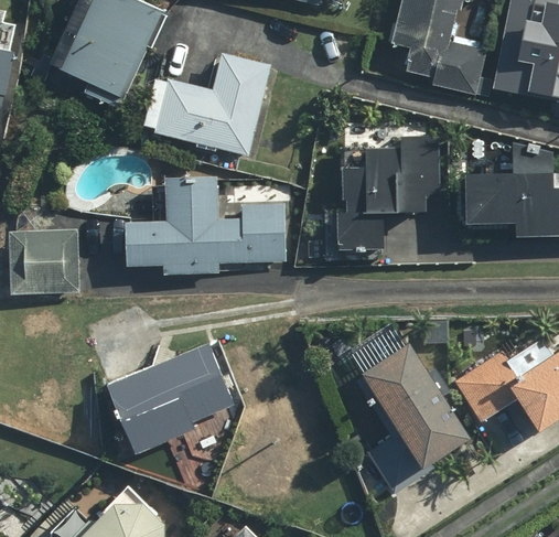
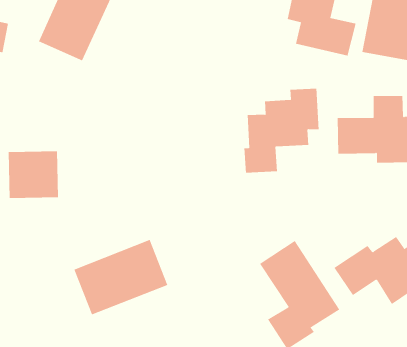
building: [154,55,270,154] -> none
building: [126,180,284,275] -> none

